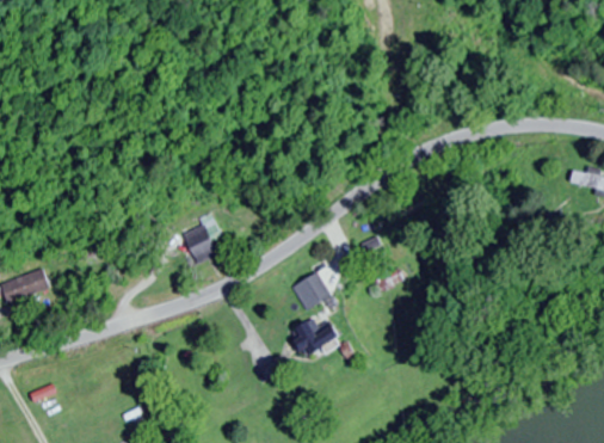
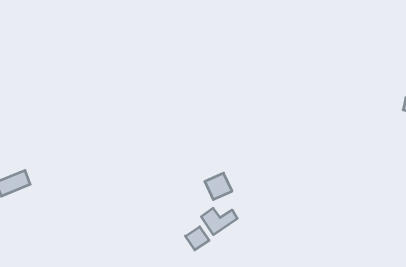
building: [183,215,221,264] -> none
building: none -> [185,227,209,250]

